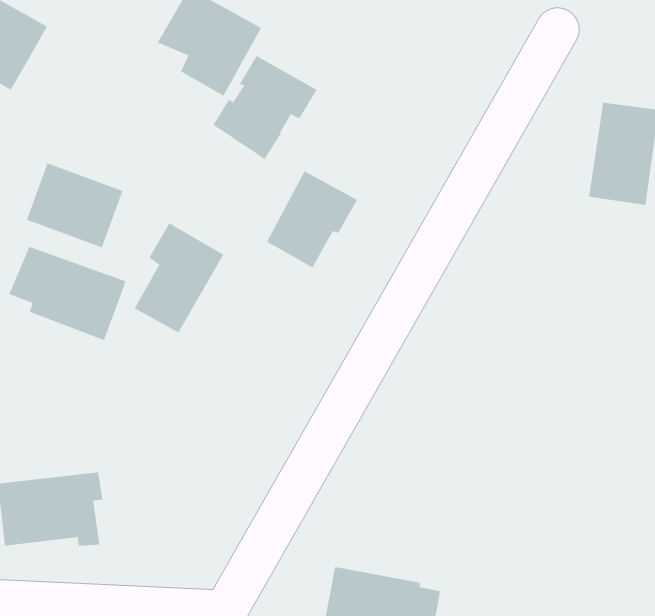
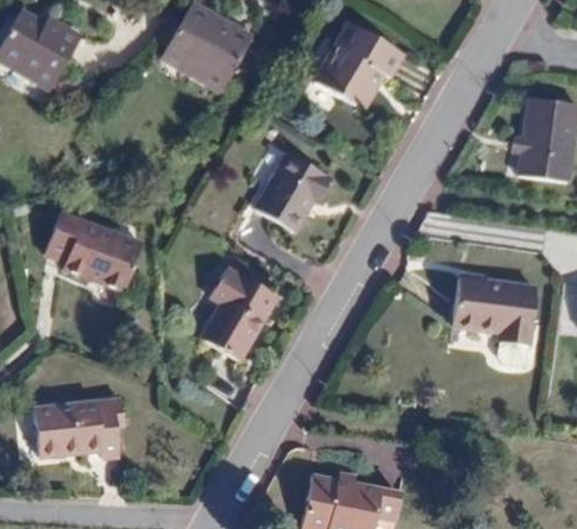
building: [213,55,317,160] -> [316,21,402,107]
building: [26,163,123,248] -> none
building: [134,223,224,333] -> [201,267,275,358]
building: none -> [453,278,535,366]

